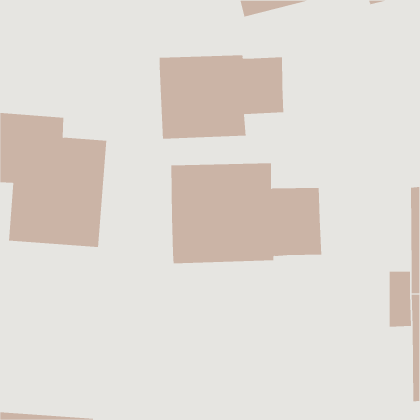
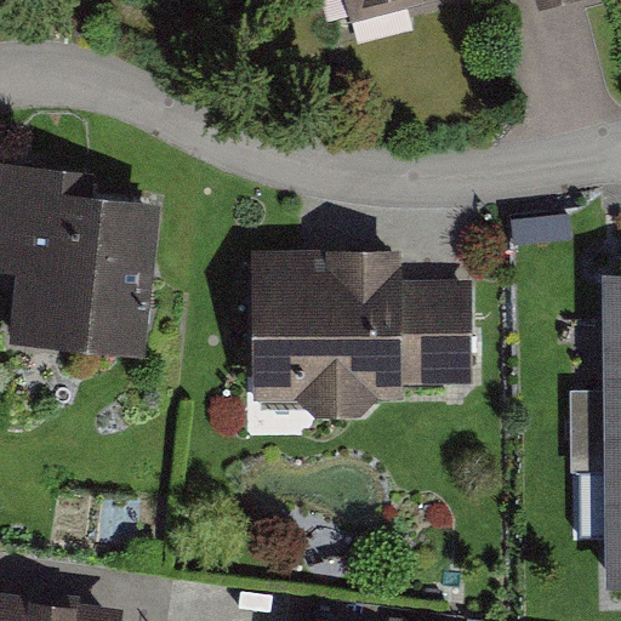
building: [159,54,284,139] -> none

